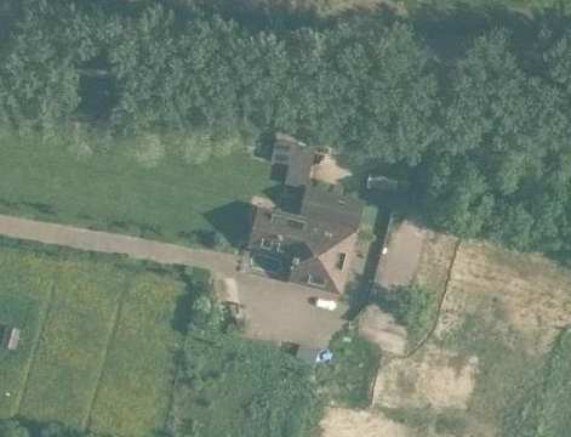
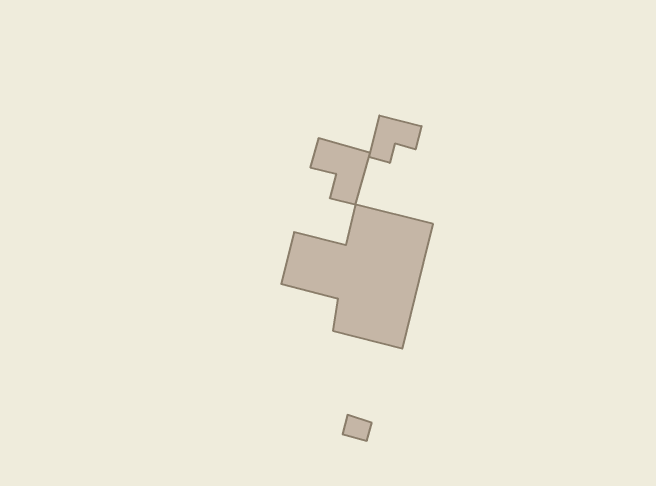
building: none -> [369,115,422,163]

